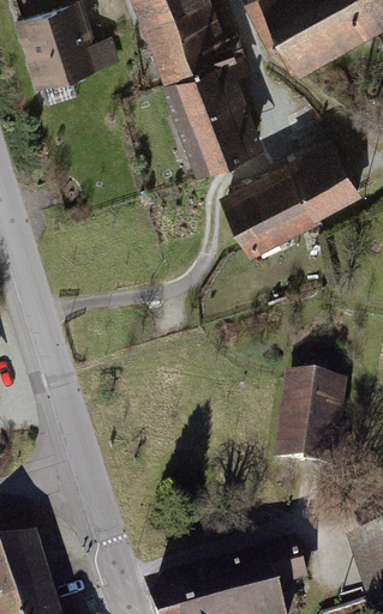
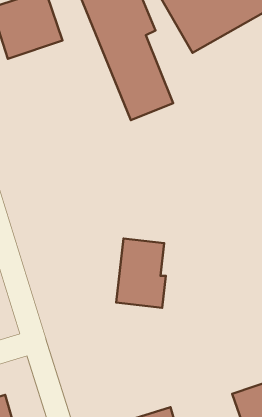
building: [223,138,361,252] -> none
building: [276,379,343,472] -> [116,239,166,308]

